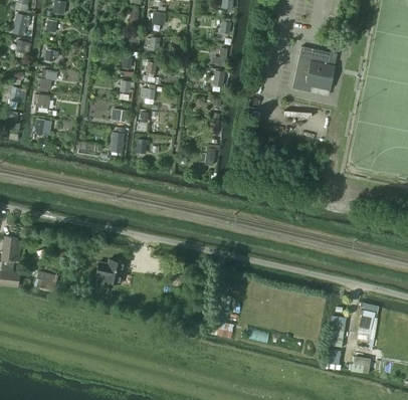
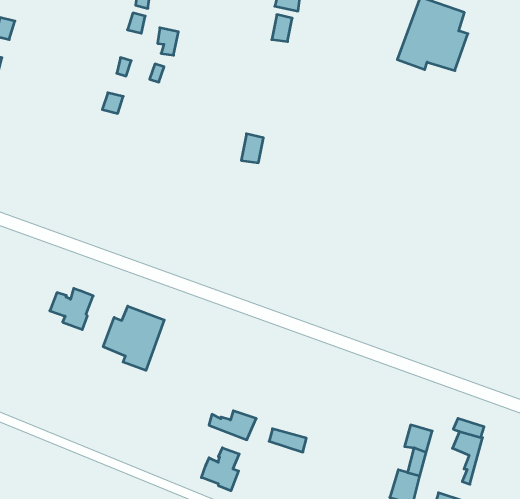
building: none -> [103,306,164,370]
building: none -> [201,448,239,491]

